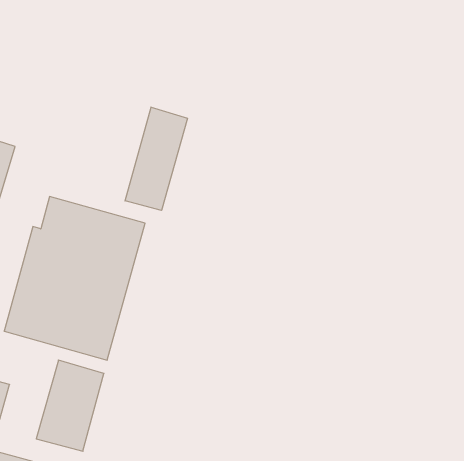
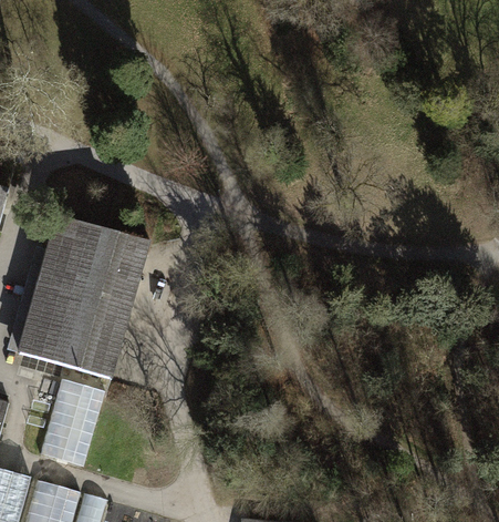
building: [125,107,188,210] -> none

